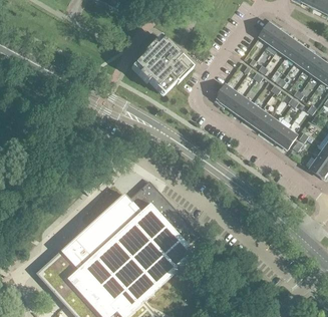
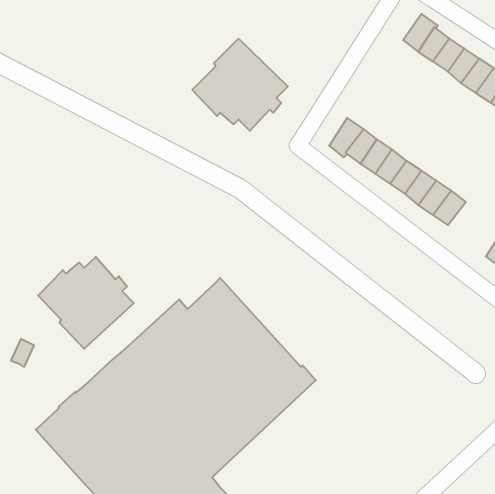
building: none -> [38,257,134,349]

